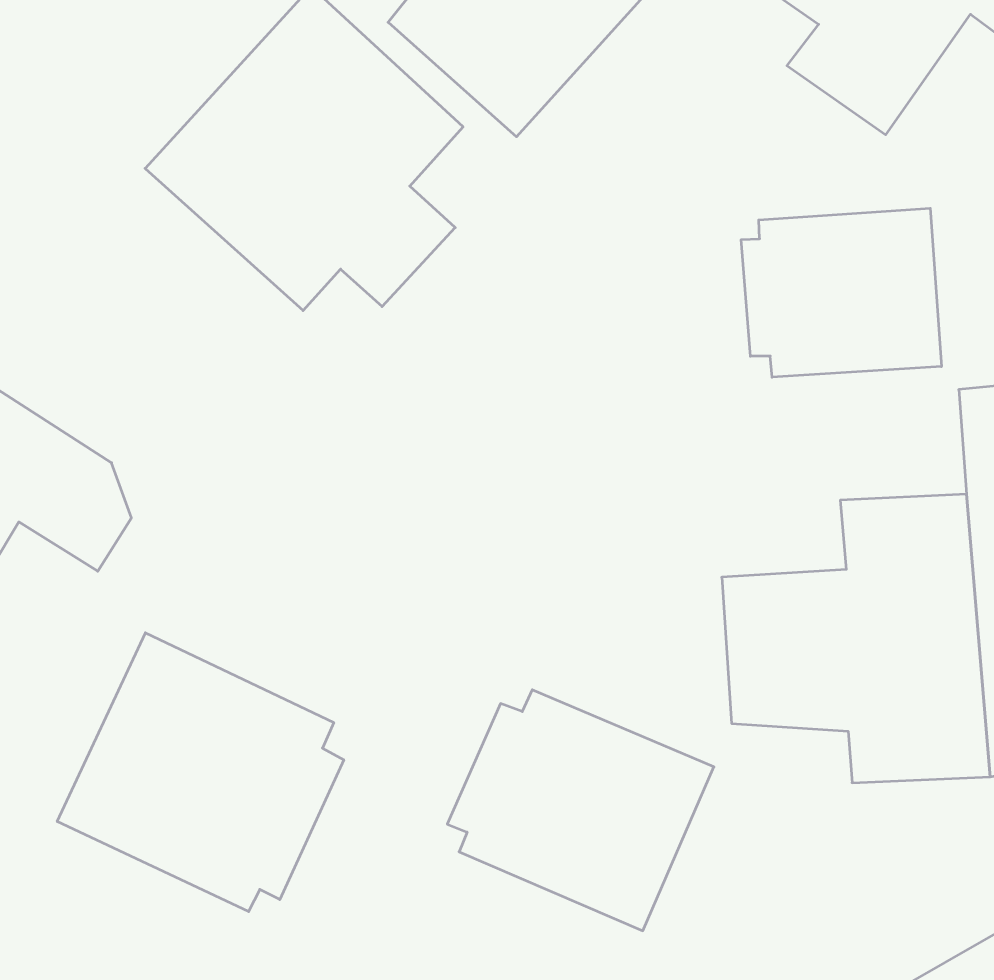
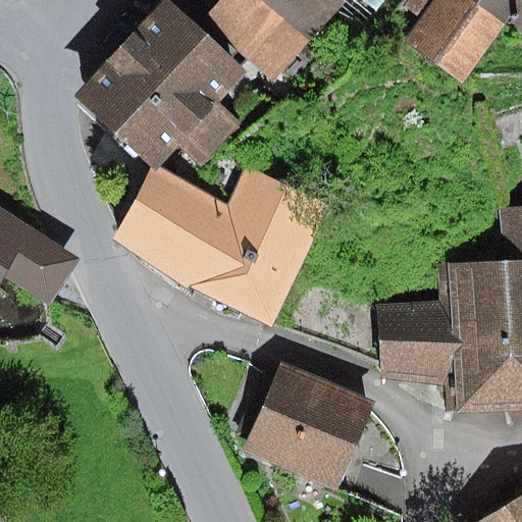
building: [741,208,941,377] -> none
building: none -> [111,168,330,326]
building: [57,633,344,912] -> none

